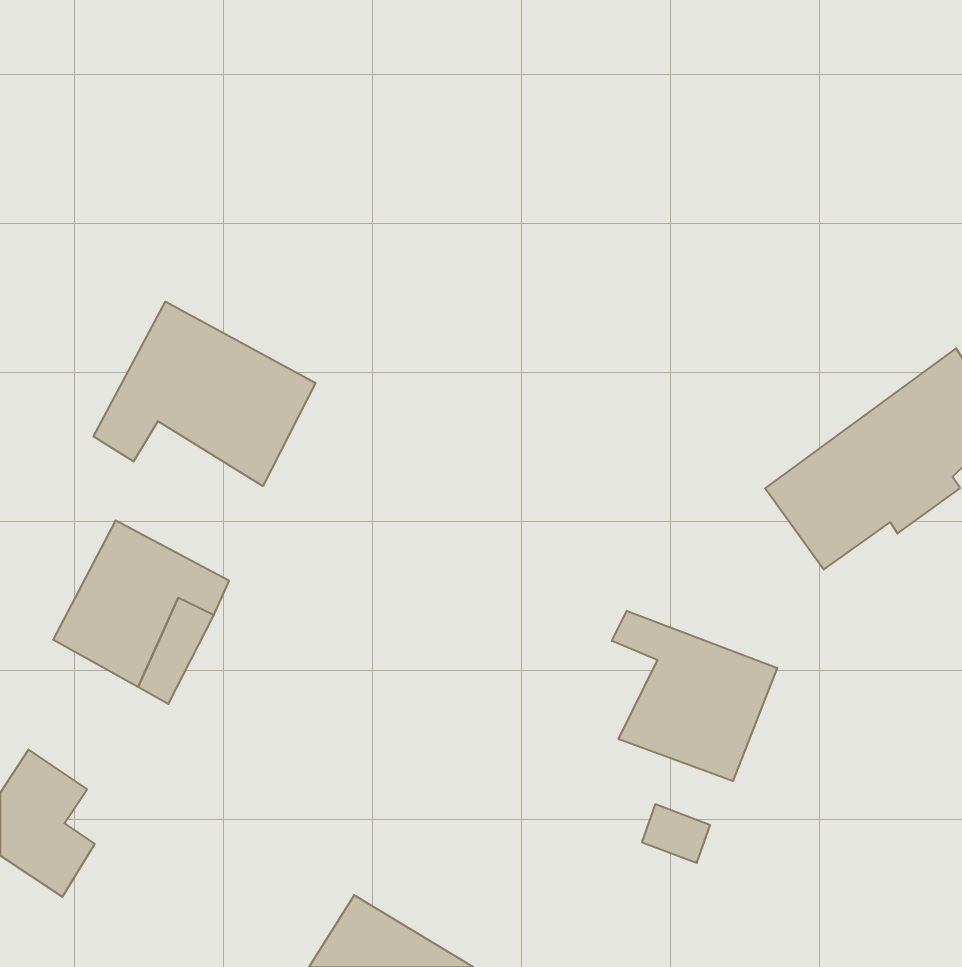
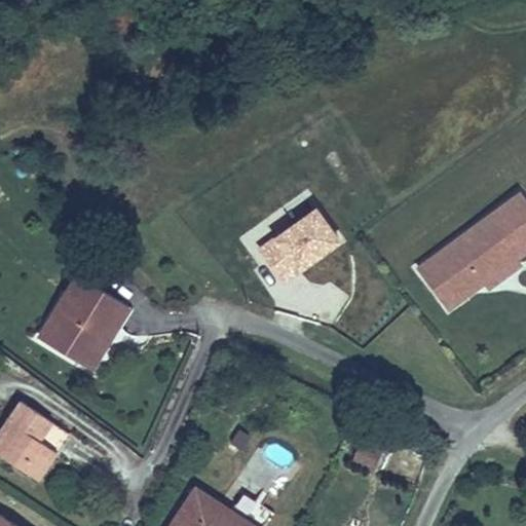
building: [94,302,315,486] -> none
building: none -> [259,206,341,281]
building: [612,611,777,781] -> none

